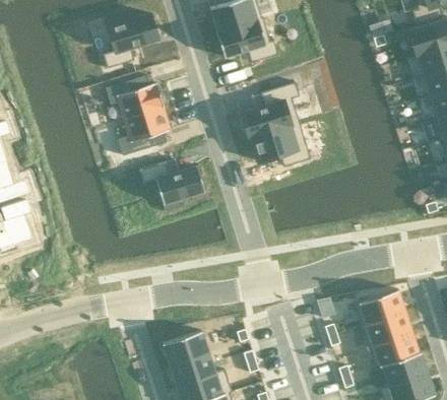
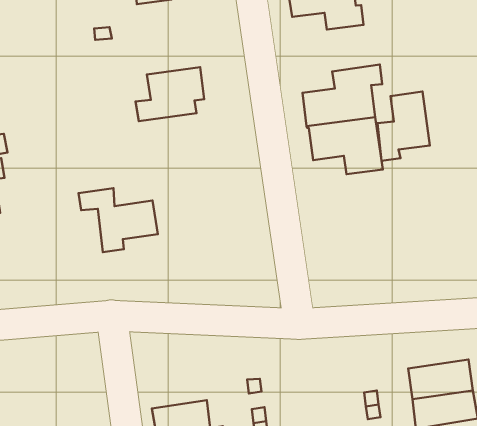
building: [107,76,163,122] -> none
building: none -> [377,91,430,161]
building: [140,162,204,211] -> [78,188,158,252]
building: [163,331,209,365] -> none

